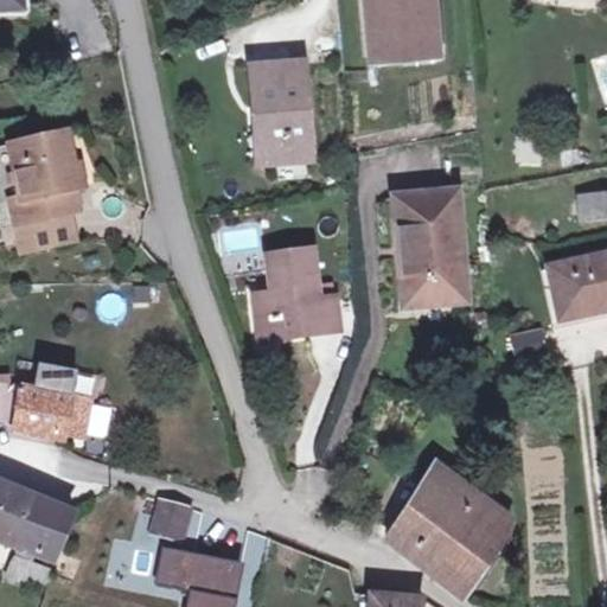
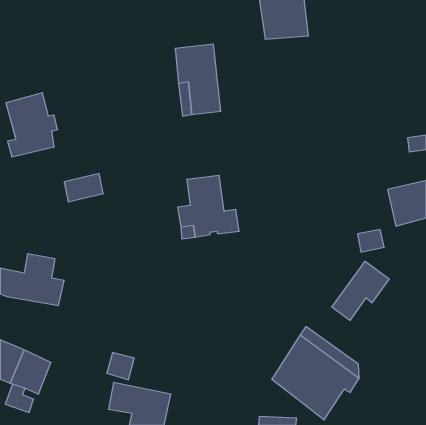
building: [398,190,469,301] -> none
building: [17,211,72,251] -> [64,174,103,202]
building: none -> [332,261,389,320]

